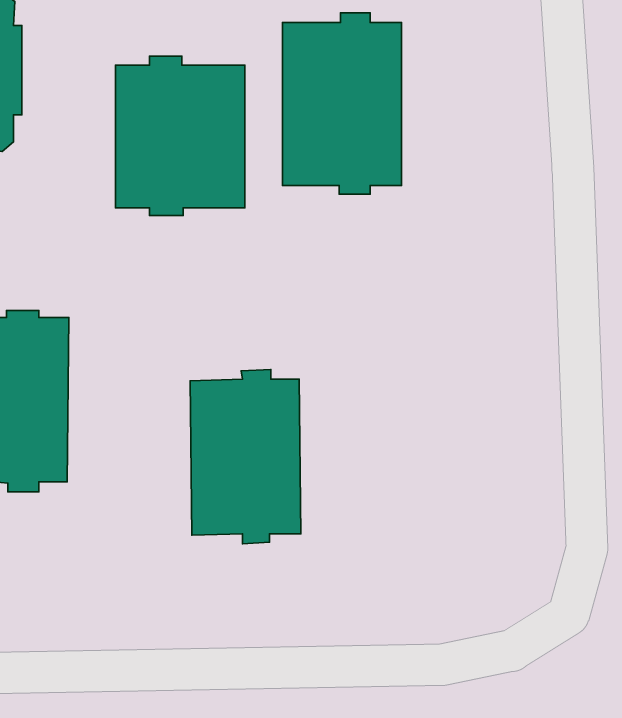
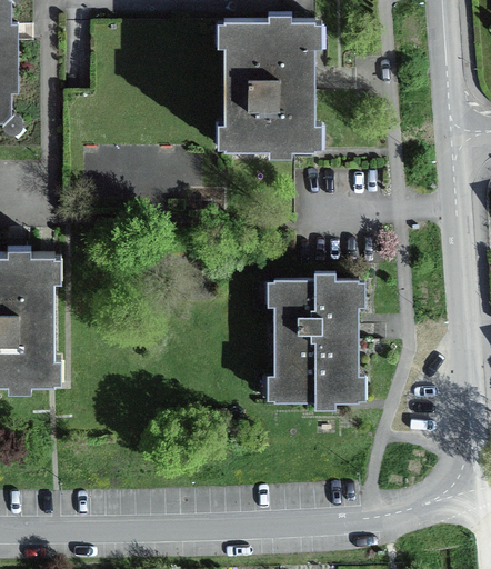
building: [116,56,245,215] -> none
building: [190,369,301,544] -> [272,273,359,410]

